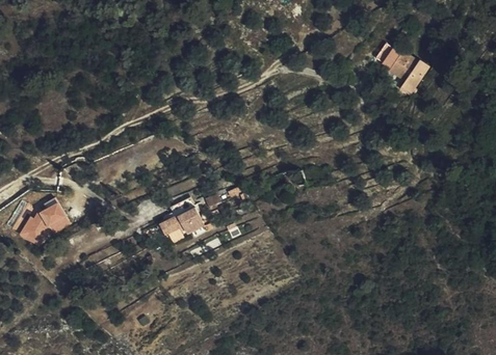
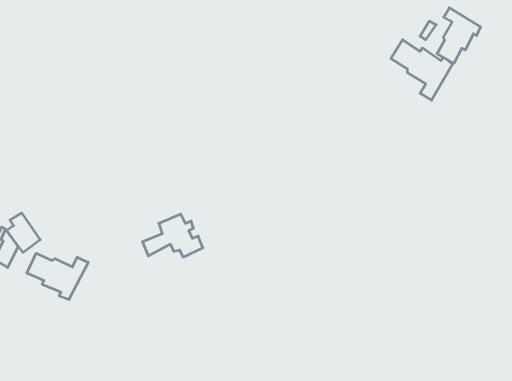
building: none -> [437,8,481,63]
building: none -> [27,253,88,300]

